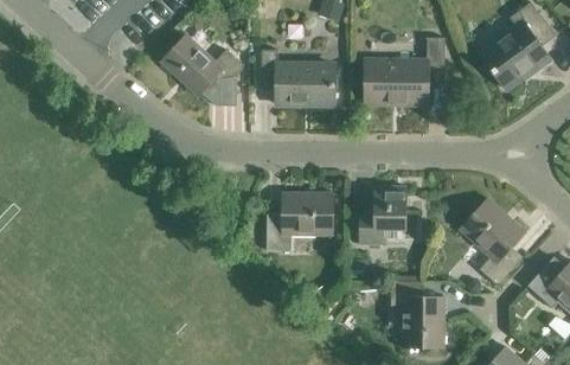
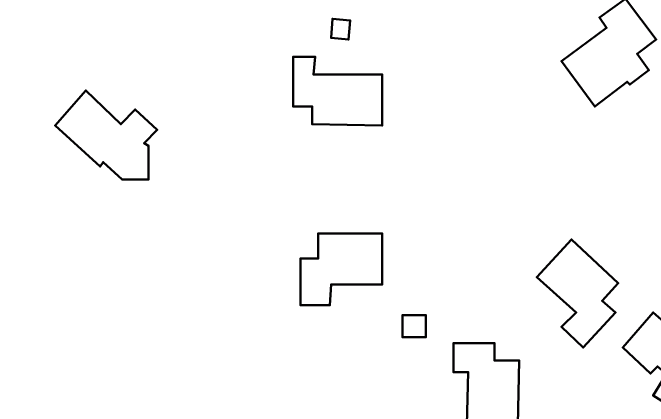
building: [161,34,244,107] -> [55,90,157,180]
building: [365,38,444,105] -> none
building: [359,187,406,244] -> none

